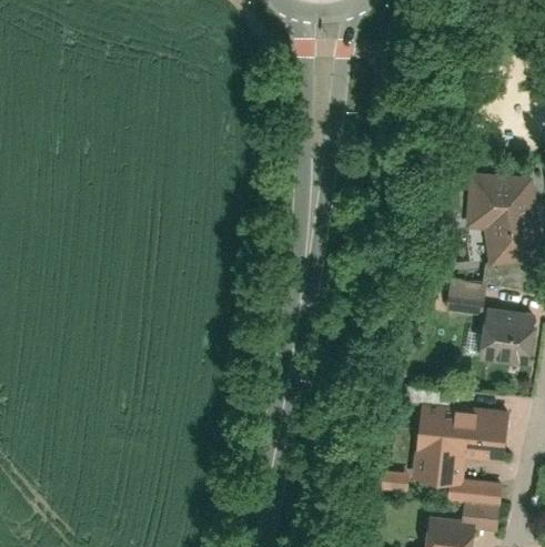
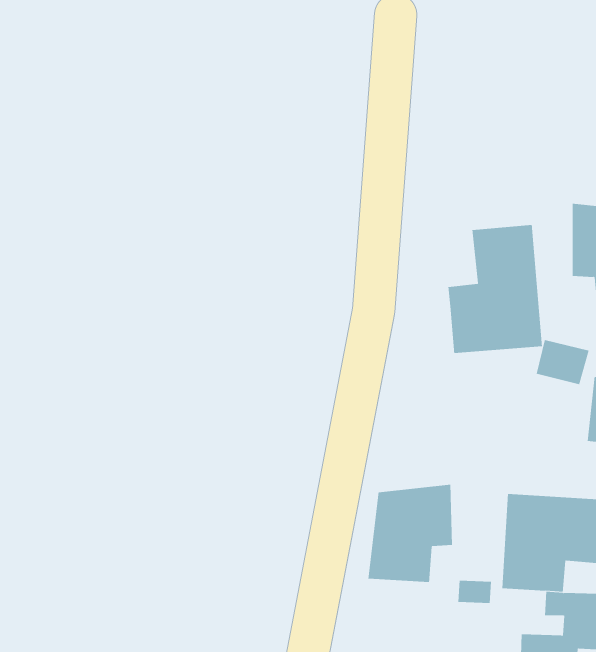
building: none -> [448,224,542,354]
building: none -> [368,484,453,583]

